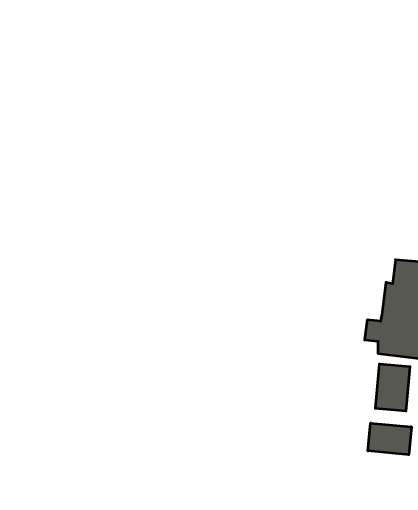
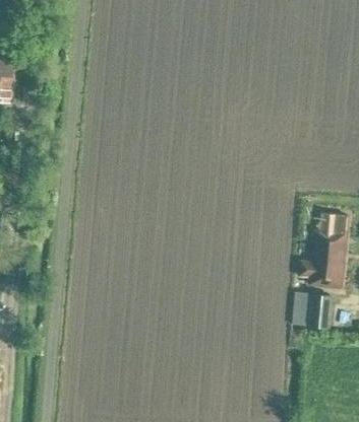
building: [368,423,411,455] -> none

